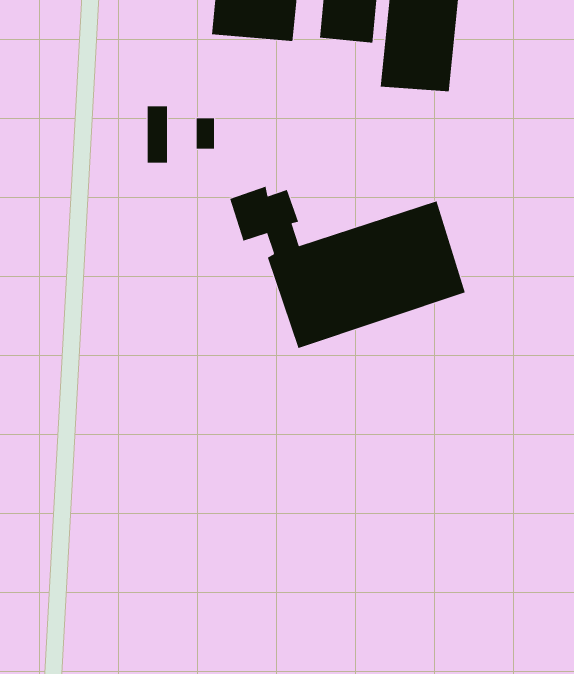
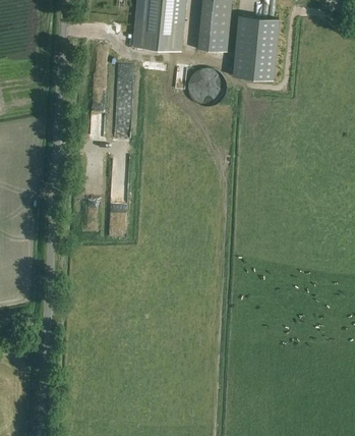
building: none -> [187,68,225,106]
building: [229,186,466,349] -> none

